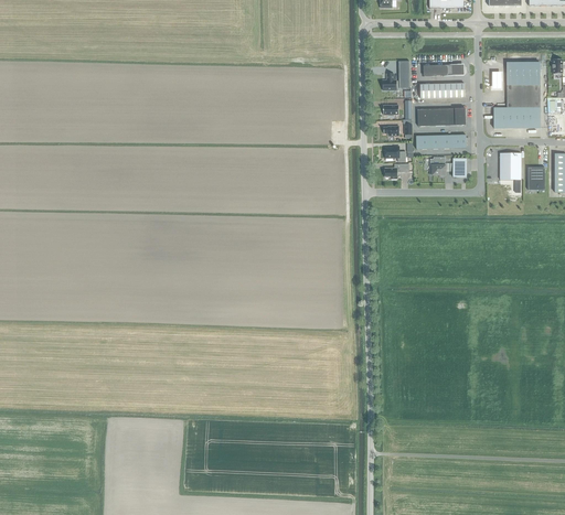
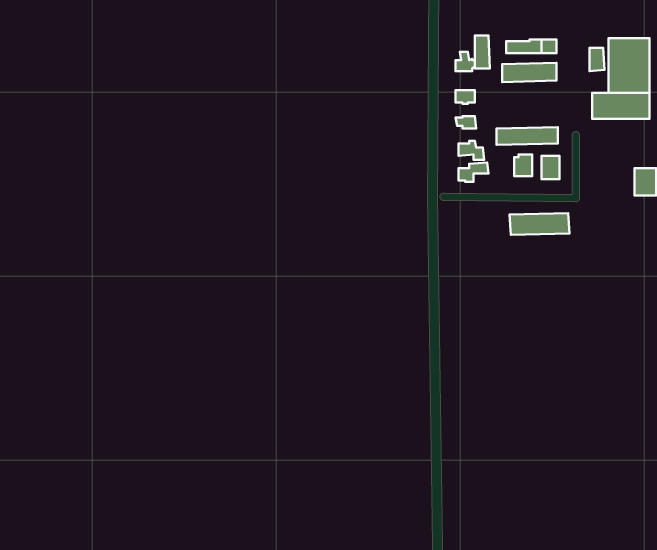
building: [417,108,466,126] -> [509,213,570,235]
building: [500,152,521,180] -> none

